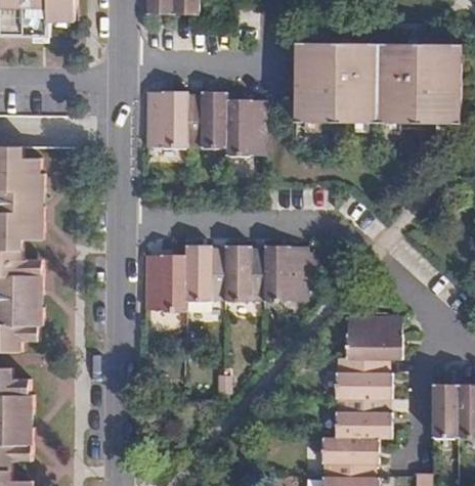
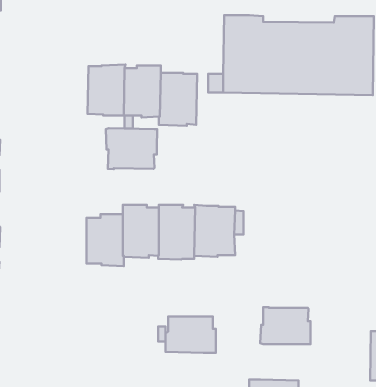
building: none -> [106,128,157,169]
building: [344,317,400,359] -> none
building: [430,384,457,438] -> none
building: [335,398,390,438] -> [166,317,216,353]

